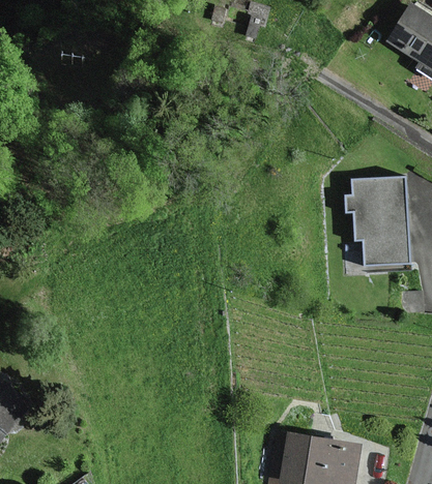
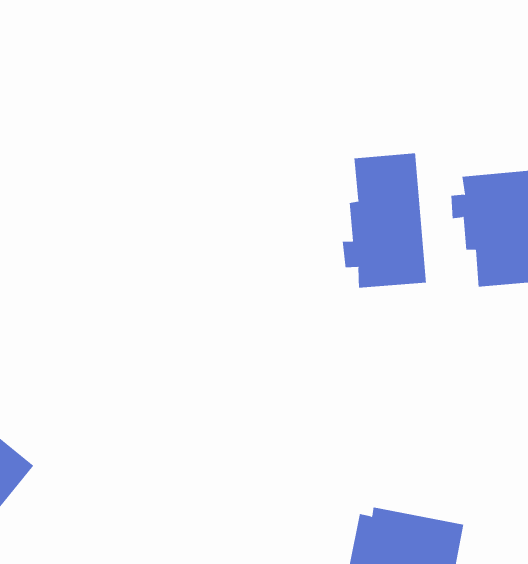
building: none -> [342,153,427,288]

